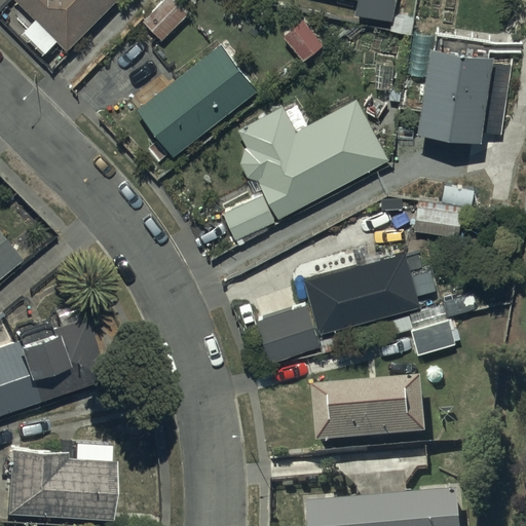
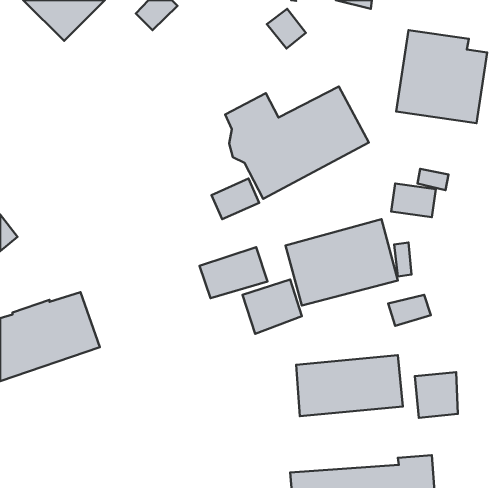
building: [138,43,258,155] -> none
building: none -> [200,247,267,298]
building: none -> [415,372,458,418]
building: [5,444,113,519] -> none

